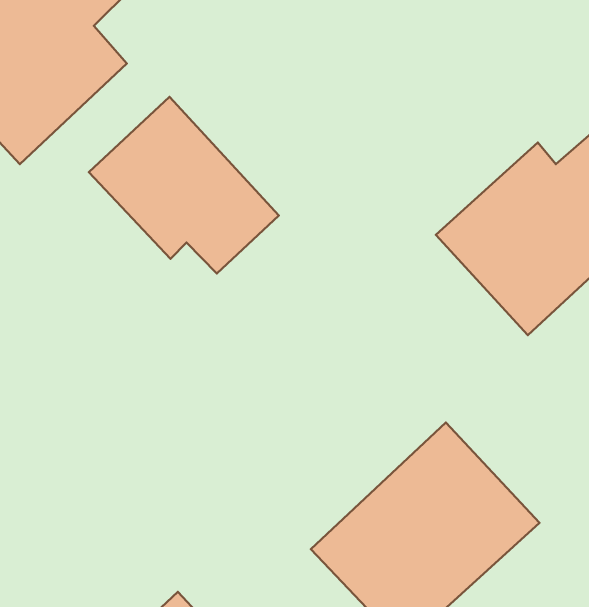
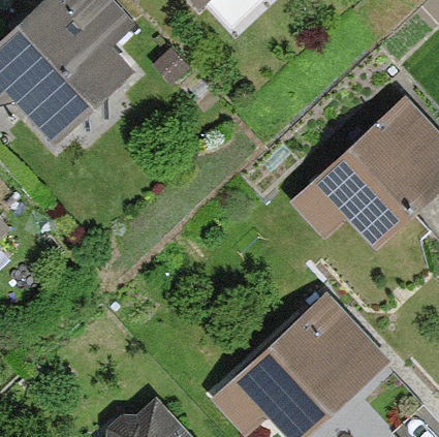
building: [89,97,279,273] -> none

